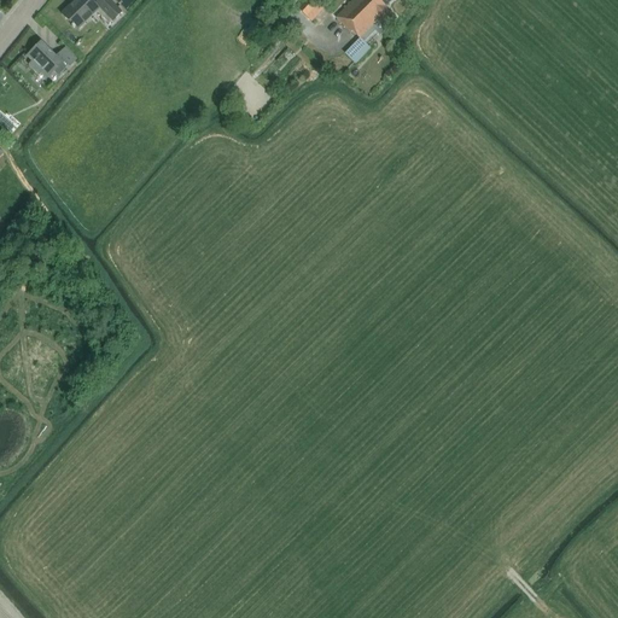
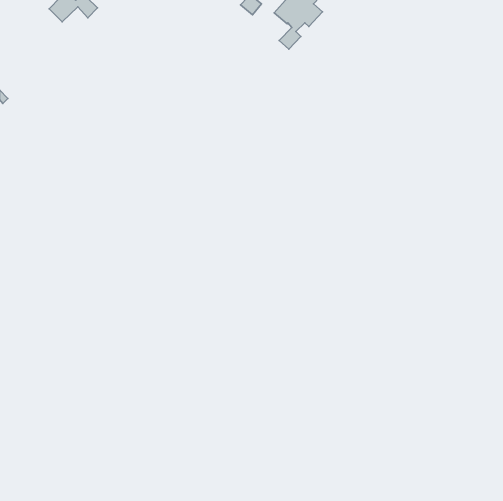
building: [27,40,75,75] -> none

